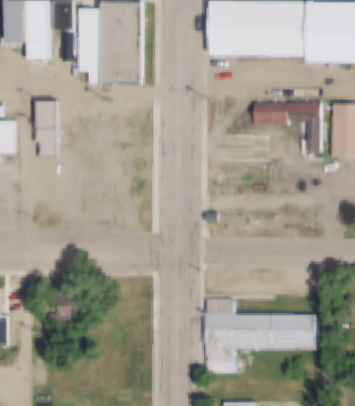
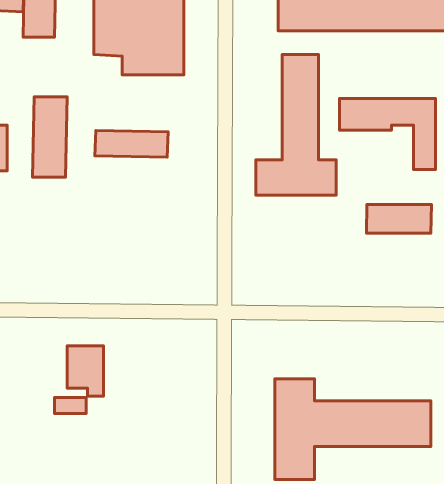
building: none -> [256,55,336,195]
building: none -> [95,130,168,157]
building: none -> [366,204,431,233]

